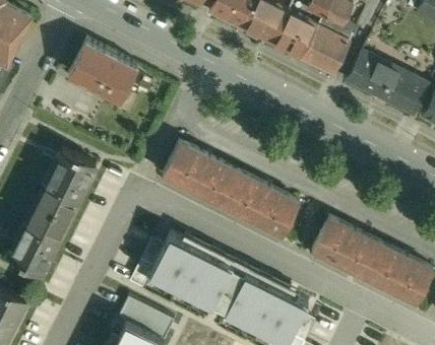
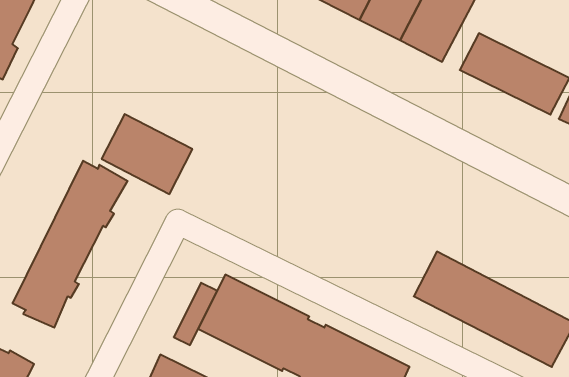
building: [69,41,137,100] -> [102,114,192,194]
building: [163,143,299,236] -> none

